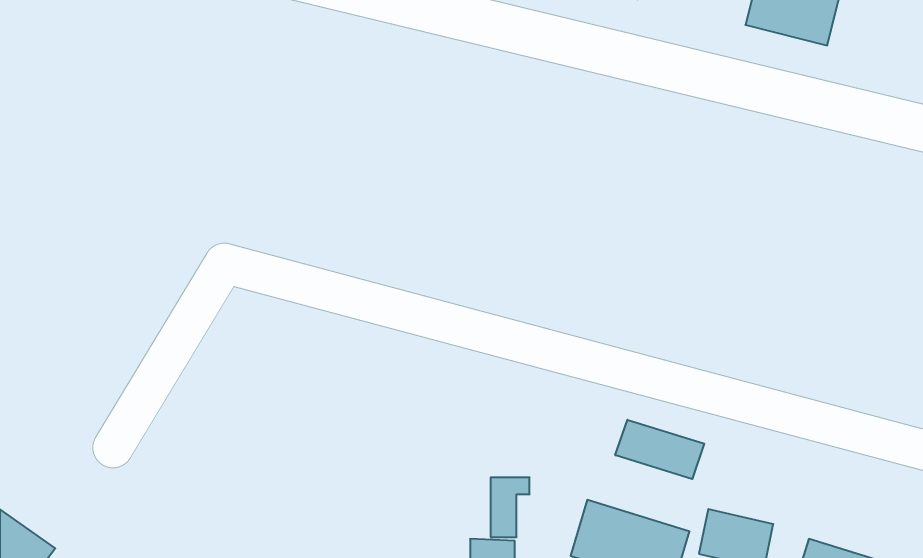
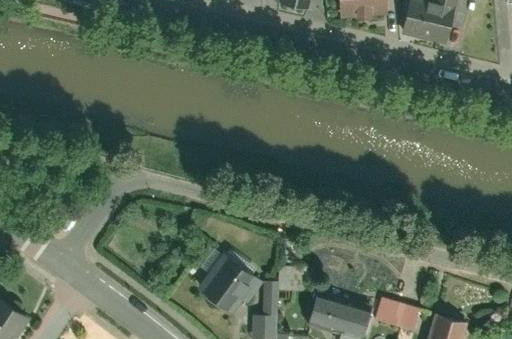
building: [615,420,704,479] -> none
building: none -> [197,248,260,310]

